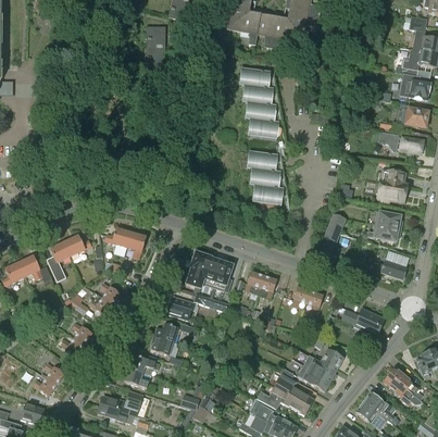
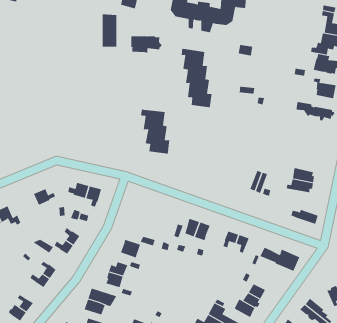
building: none -> [131,36,162,53]
building: [248,151,284,205] -> [140,109,170,154]
building: [377,170,406,201] -> none
building: [47,242,71,282] -> none
building: [187,252,233,292] -> none

